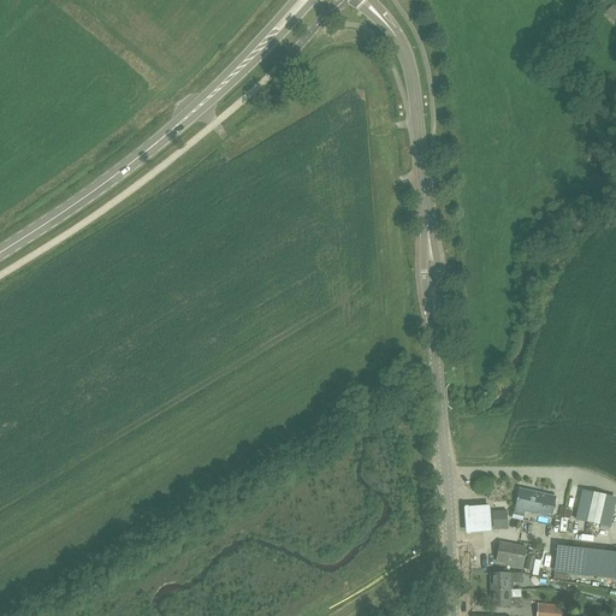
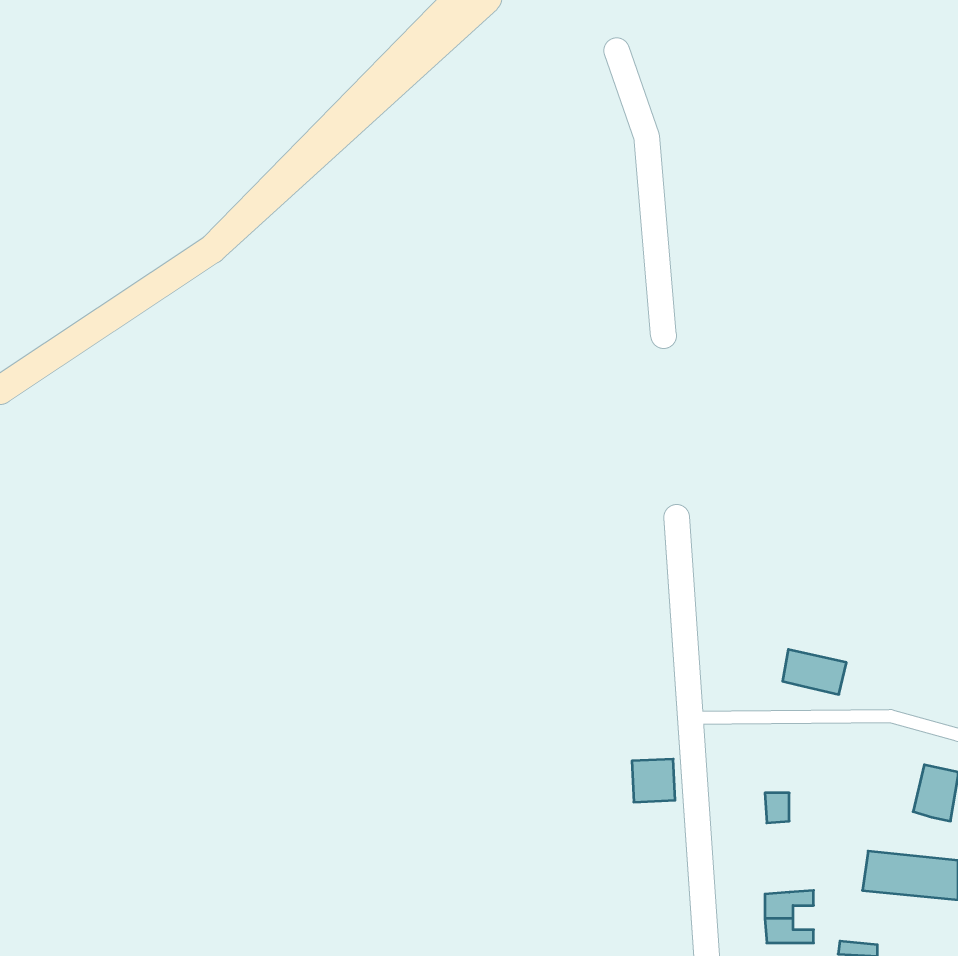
building: [515,488,556,517] -> [783,649,846,694]
building: [463,503,491,531] -> [632,759,675,802]
building: [496,541,526,568] -> none

